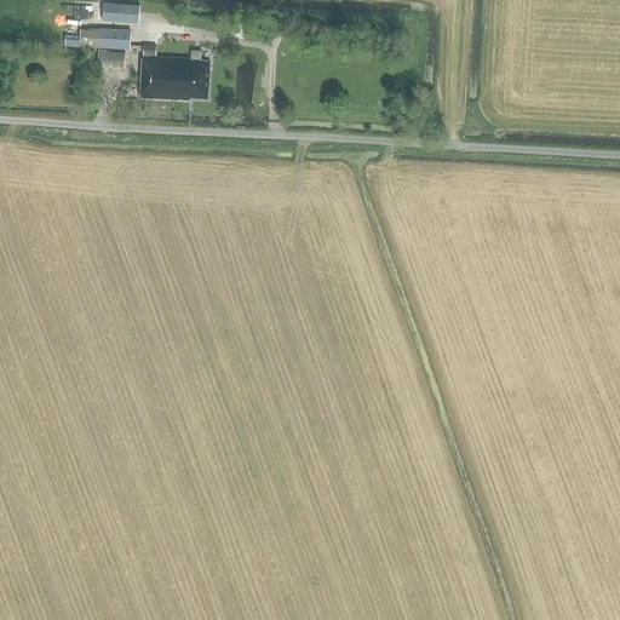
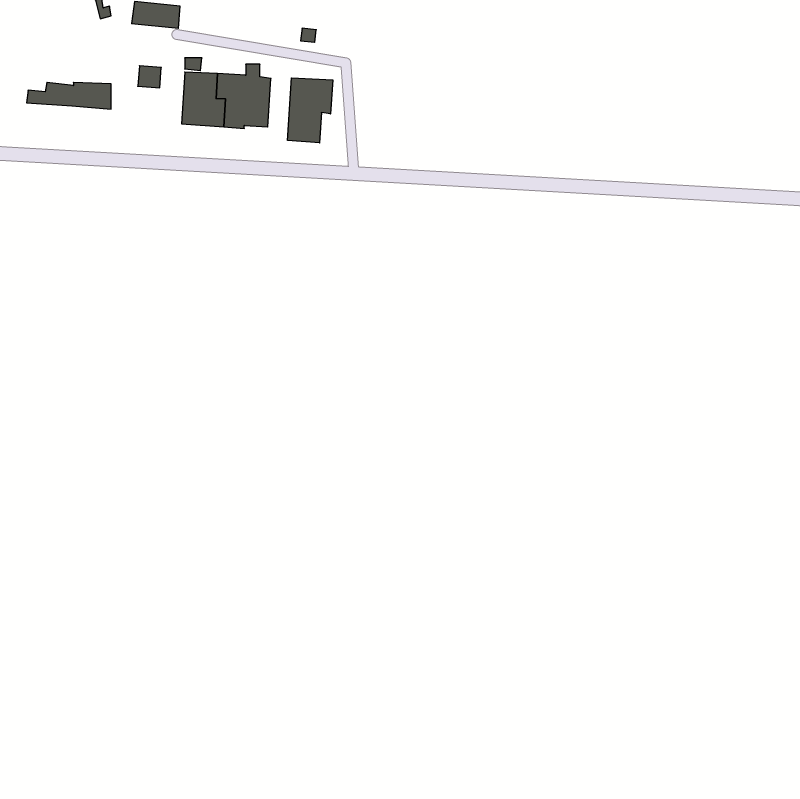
building: [64,28,130,48] -> [27,82,111,109]
building: none -> [288,78,333,143]

